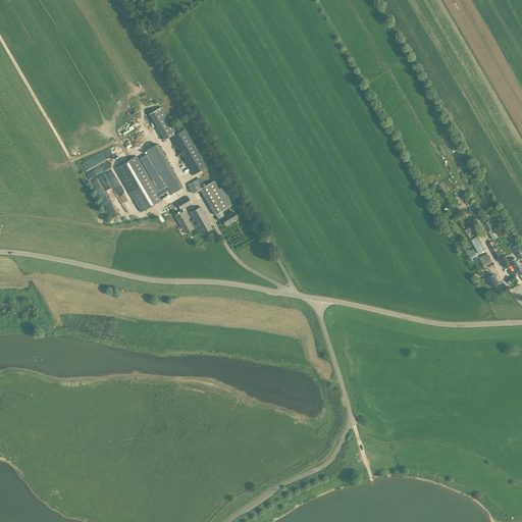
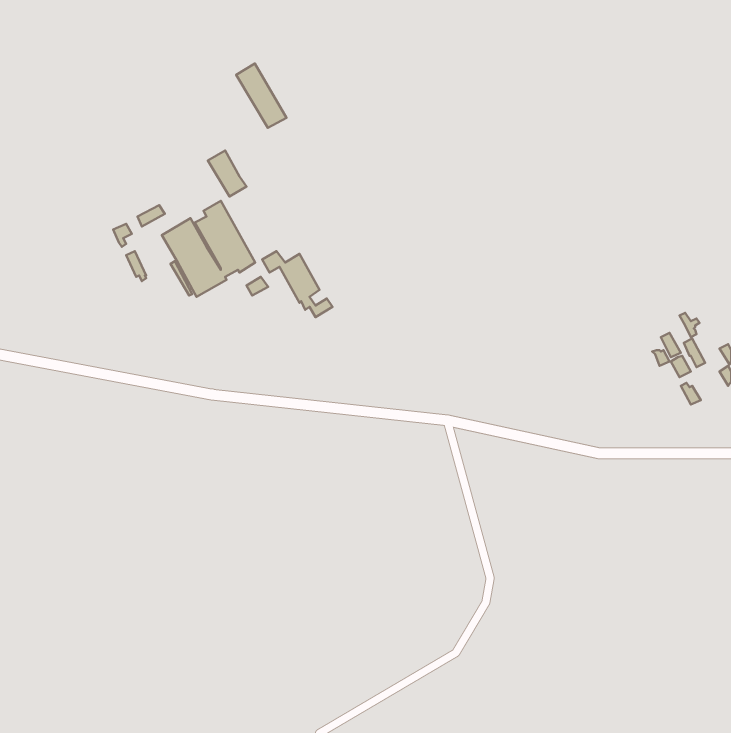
building: [170,128,206,174] -> [236,63,286,128]
building: [174,206,211,233] -> none

